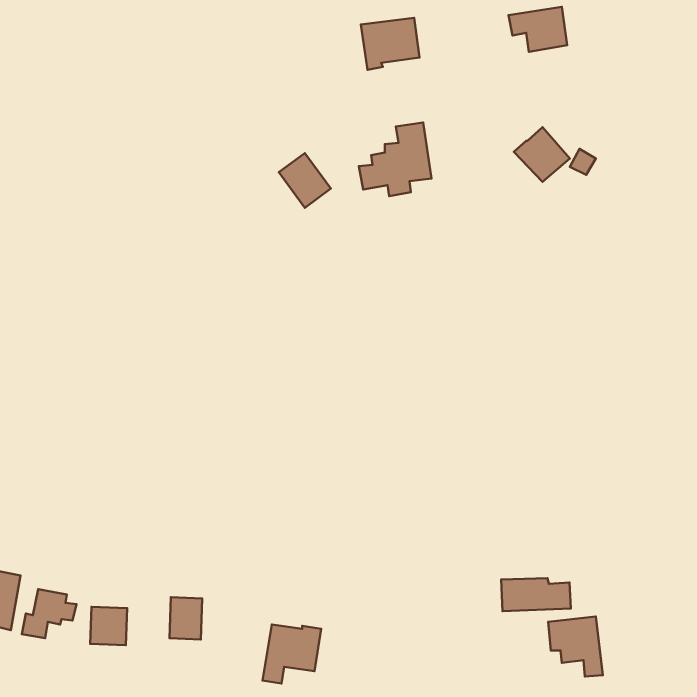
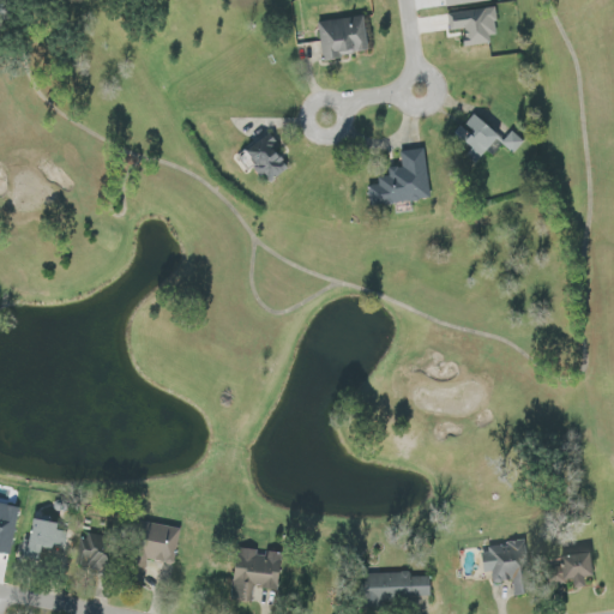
building: [359,122,431,196] -> [367,149,431,213]
building: [501,578,571,611] -> [369,571,431,600]
building: none -> [566,552,595,588]

